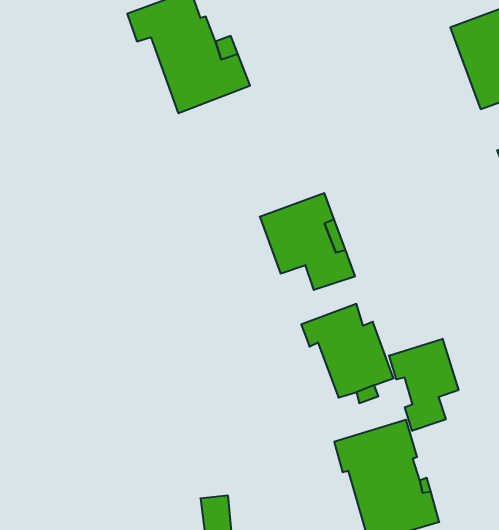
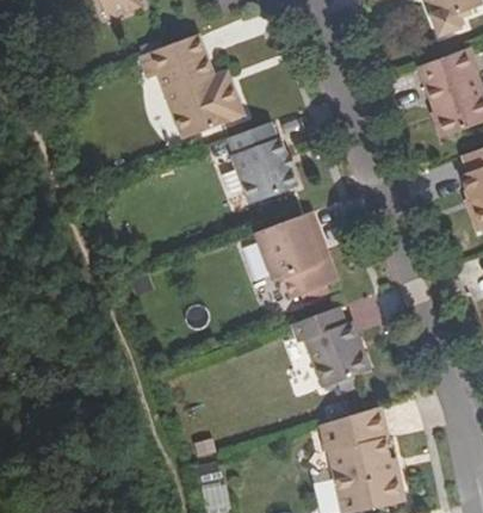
building: none -> [227,124,296,206]
building: [389,339,458,431] -> none

